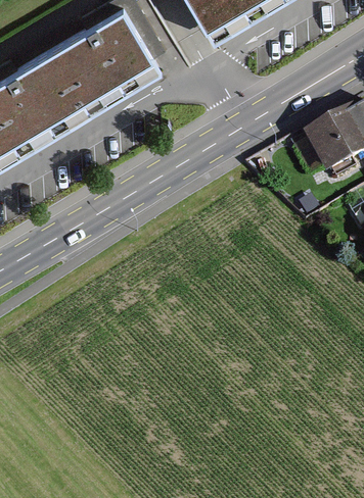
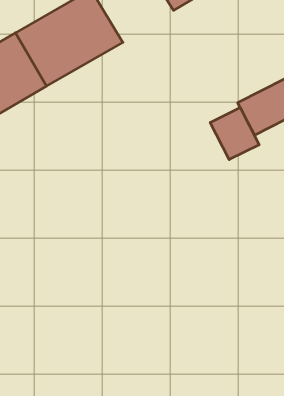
building: none -> [210,108,259,160]

